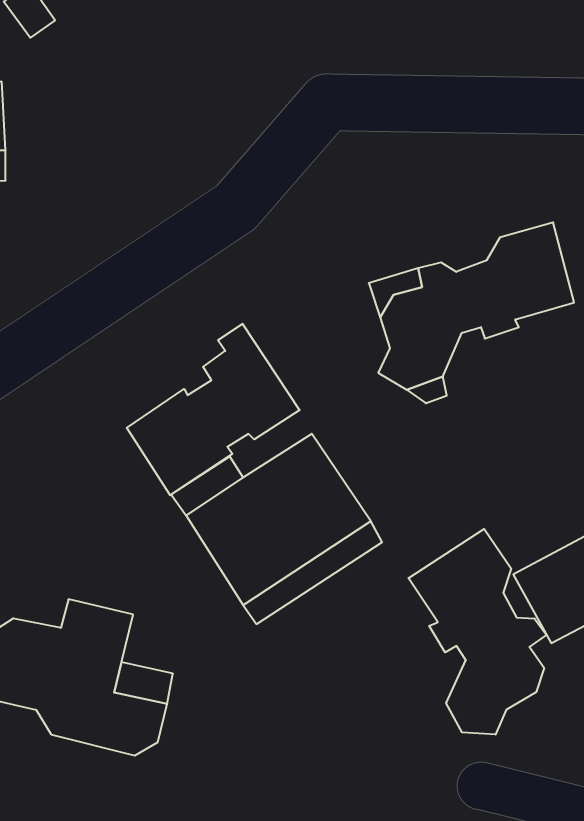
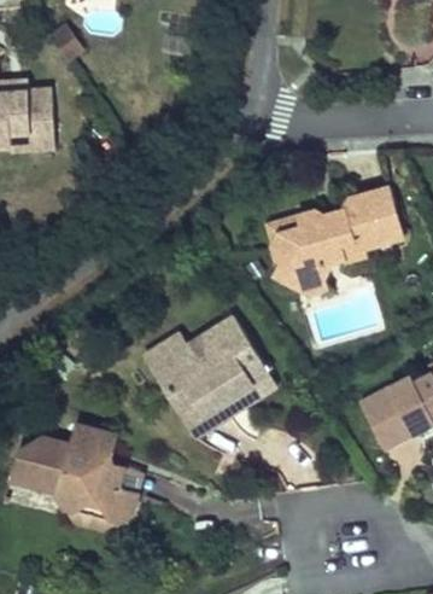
building: [127,324,300,495] -> none
building: [408,529,547,735] -> none

